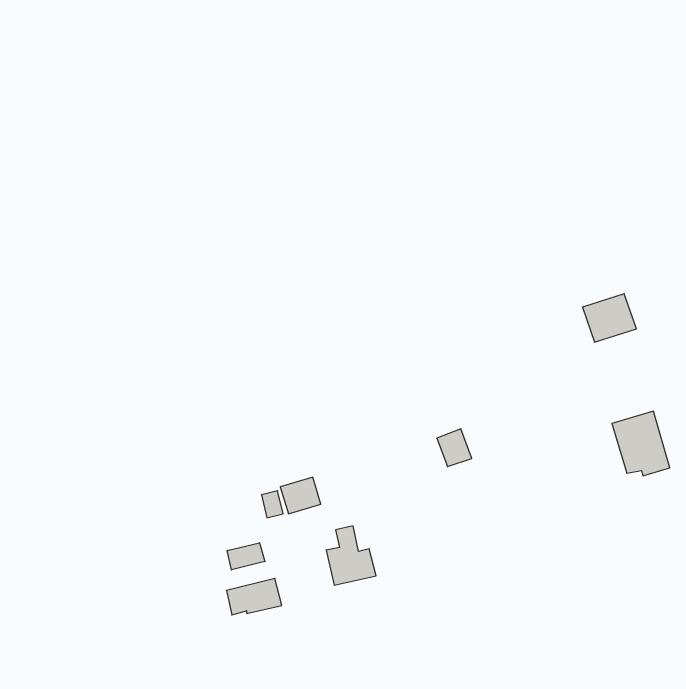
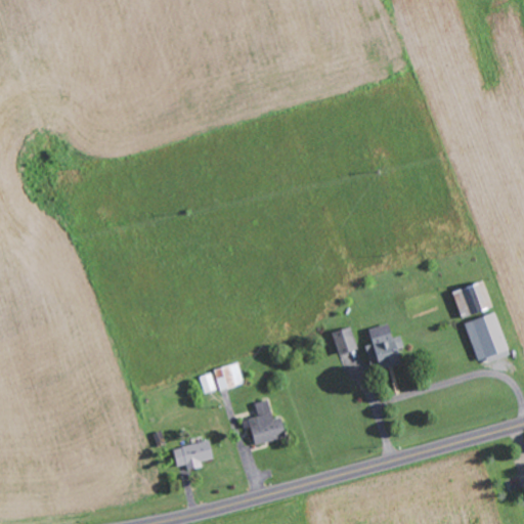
building: [582,294,636,342] -> [451,280,492,317]
building: none -> [365,322,399,368]
building: [227,543,265,570] -> none

